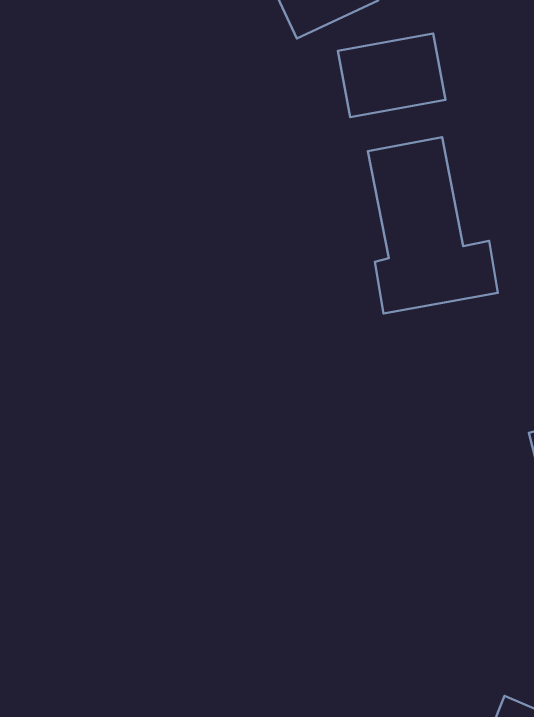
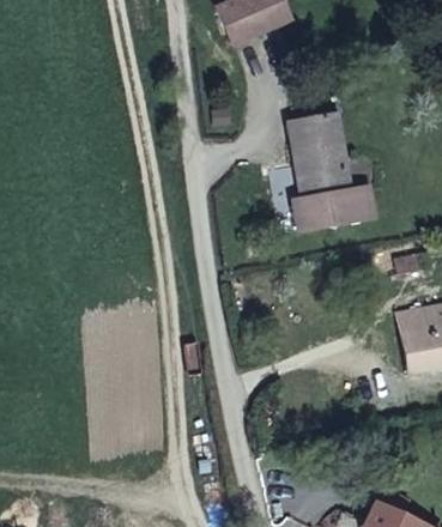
building: [338,33,445,117] -> none

